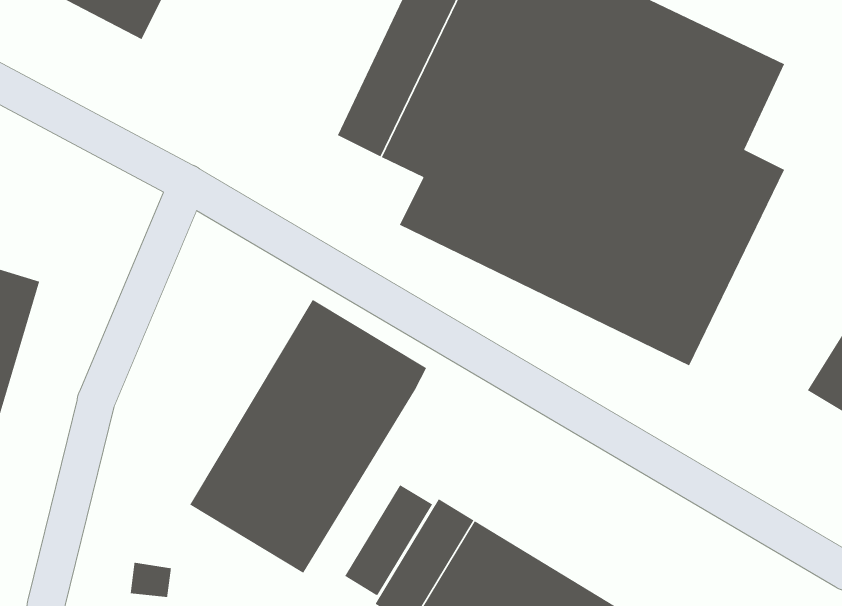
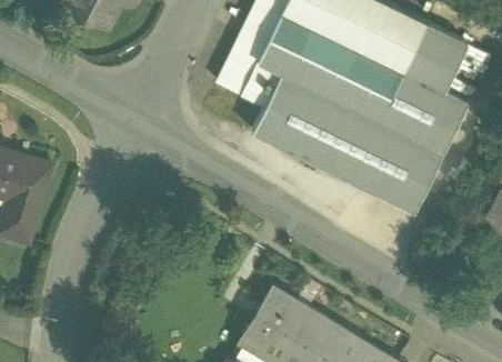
building: [189,299,427,574] -> none
building: [344,484,433,596] -> none

